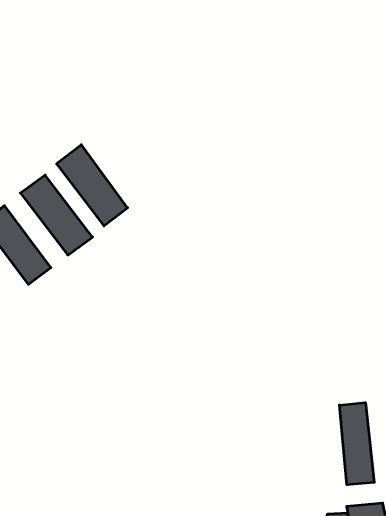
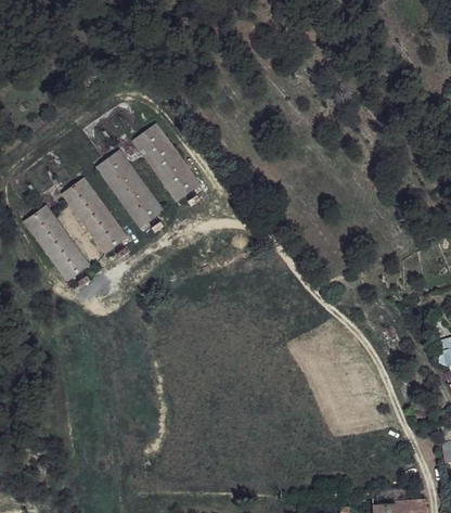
building: none -> [130,121,201,200]
building: [339,403,374,485] -> none

